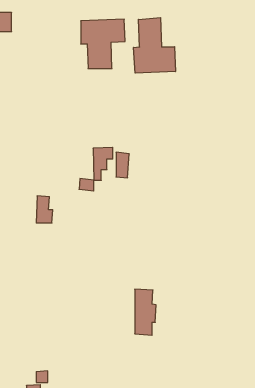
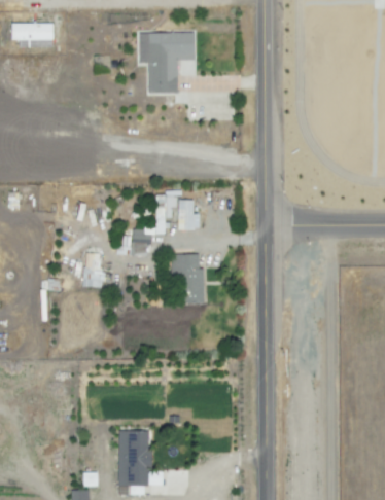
building: [134,18,175,73] -> none
building: none -> [171,253,207,305]
building: [135,289,156,335] -> [129,429,155,487]

